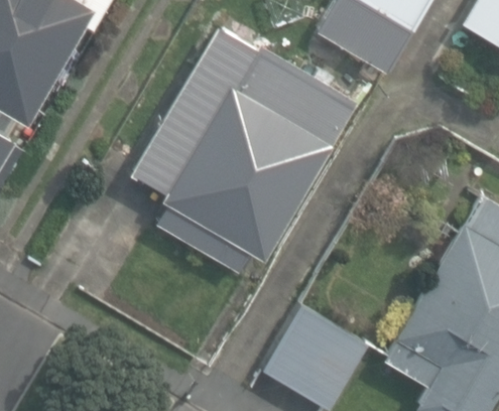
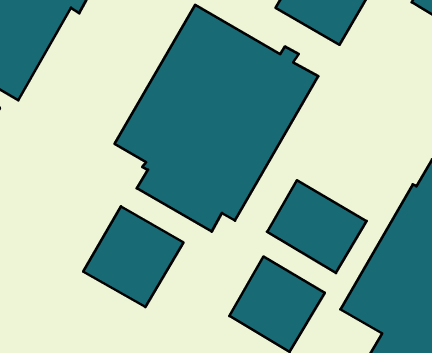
building: none -> [267,180,367,273]
building: none -> [83,206,183,307]

